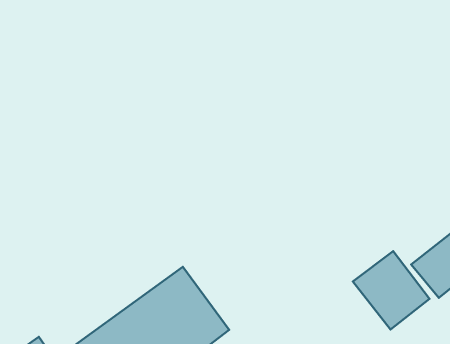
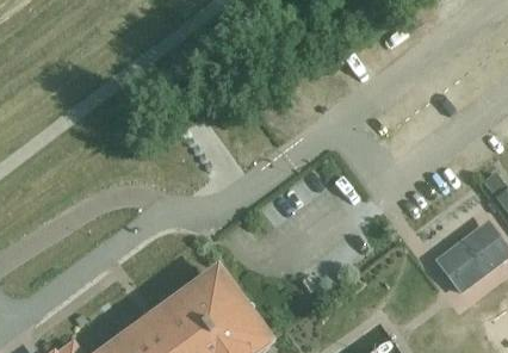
building: [353,251,429,329] -> none

